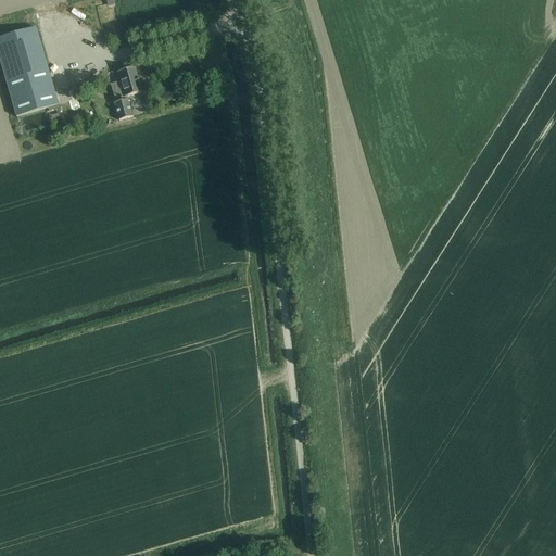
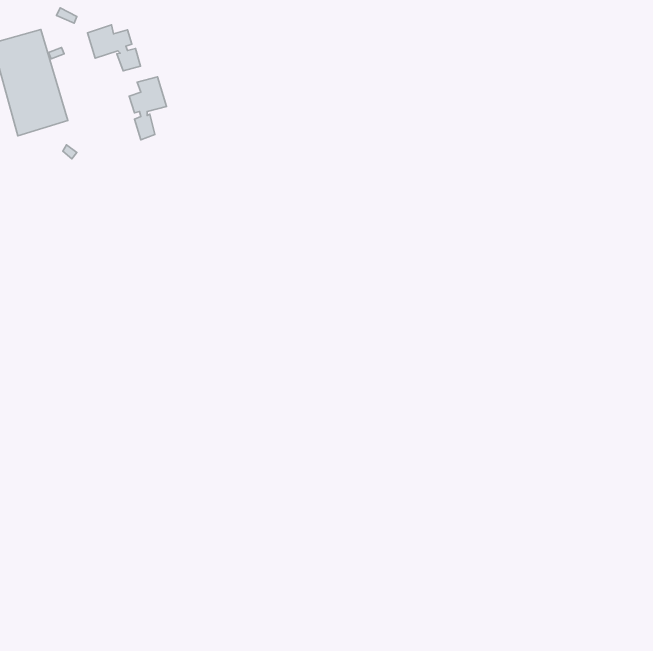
building: none -> [88,25,141,71]

